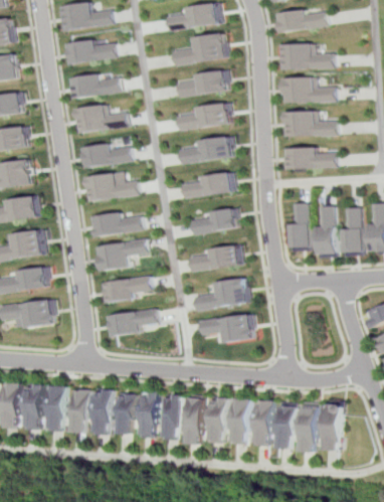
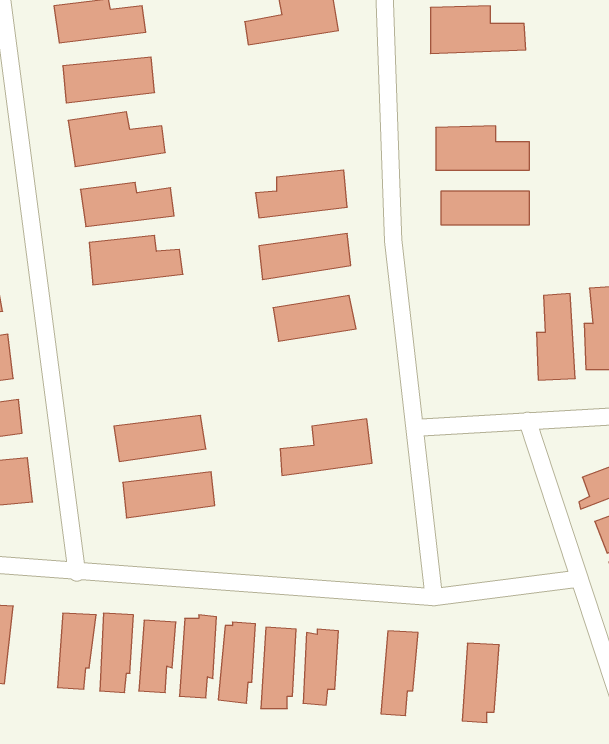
building: [180,69,230,97] -> none
building: [283,76,338,103] -> none
building: [181,102,232,129] -> none
building: [290,201,308,250] -> none
building: [316,204,336,257] -> none
building: [92,211,145,236] -> none
building: [98,237,151,271] -> none
building: [190,244,242,271] -> none
building: [199,313,254,343] -> none
building: [46,384,67,430] -> none
building: [231,397,253,444] -> none
building: [322,402,345,450] -> none
building: [276,404,298,446] -> none

